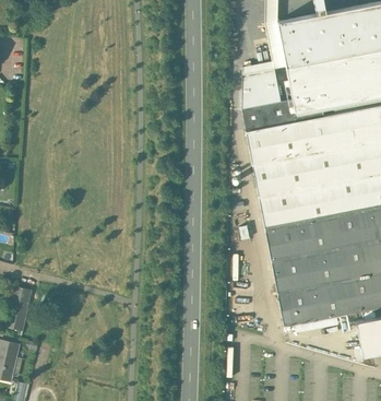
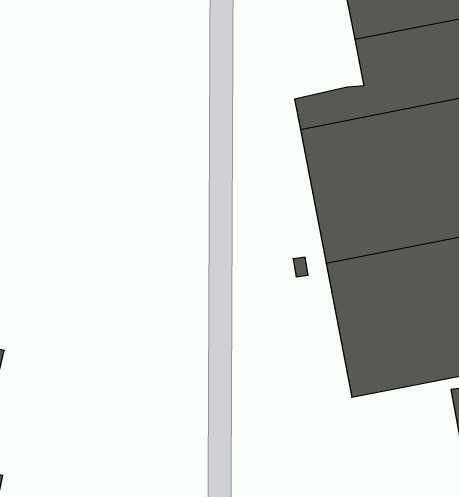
building: [242,69,281,110] -> none

